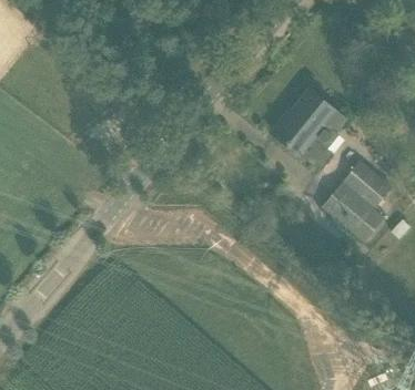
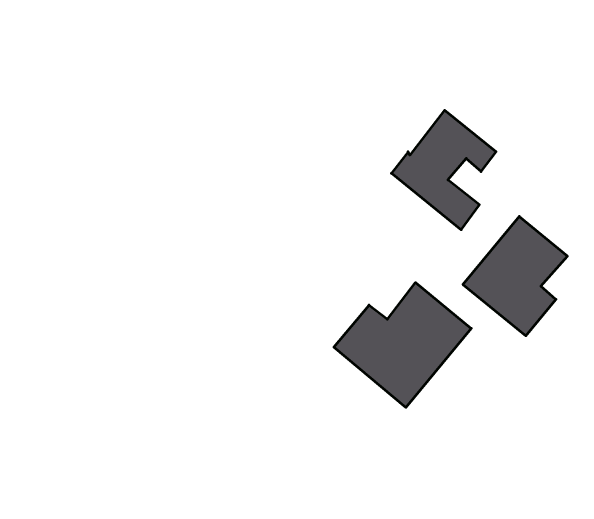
building: none -> [334,283,471,407]

